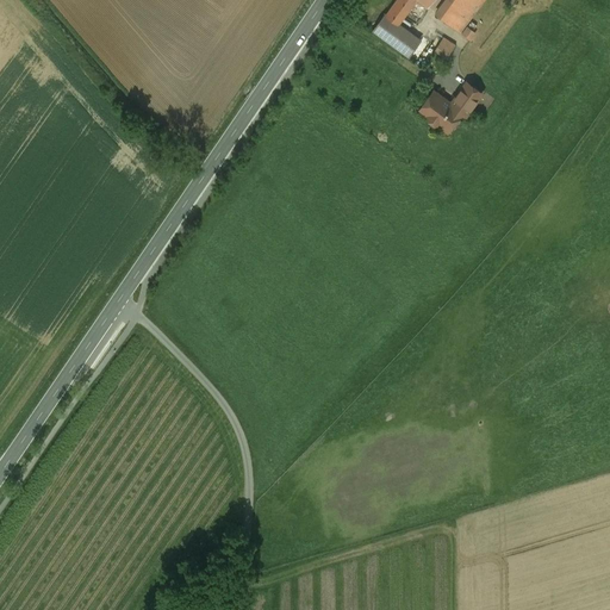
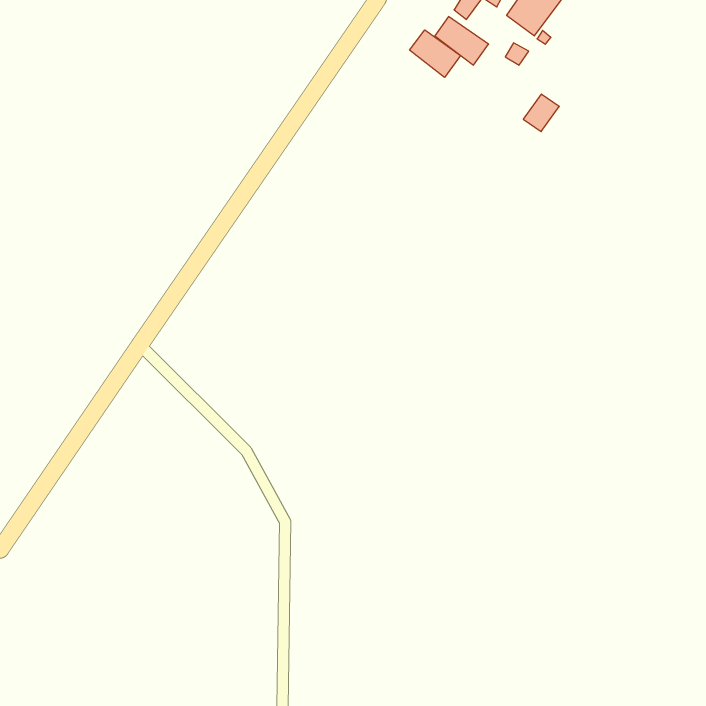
building: none -> [410,30,461,77]
building: [421,89,467,127] -> none

